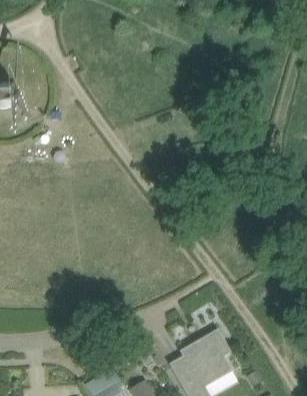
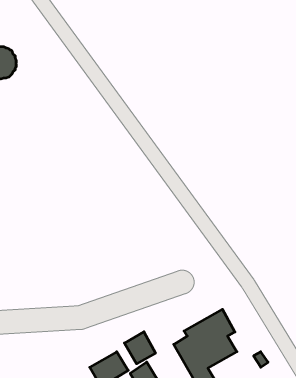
building: none -> [124,332,155,364]

